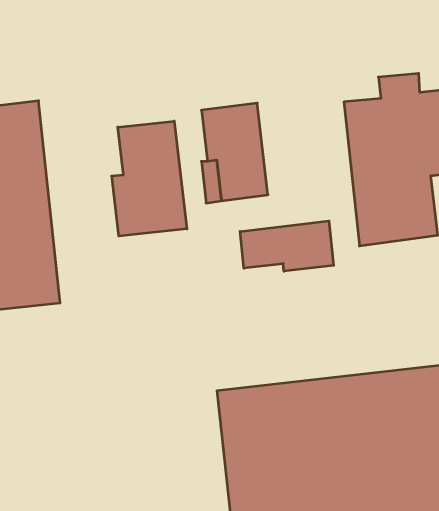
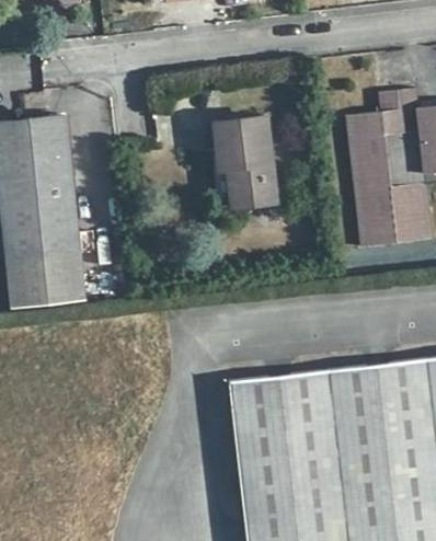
building: [112,121,187,236] -> none
building: [240,221,334,271] -> none

